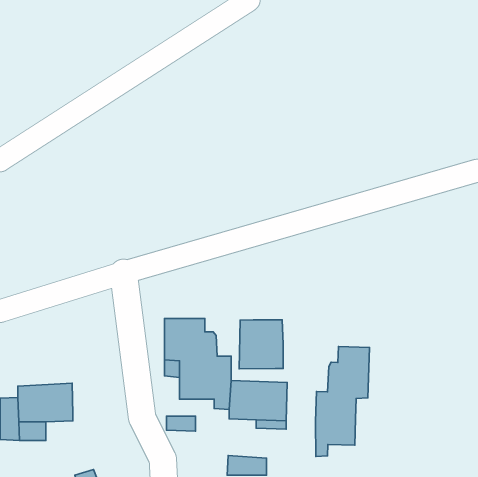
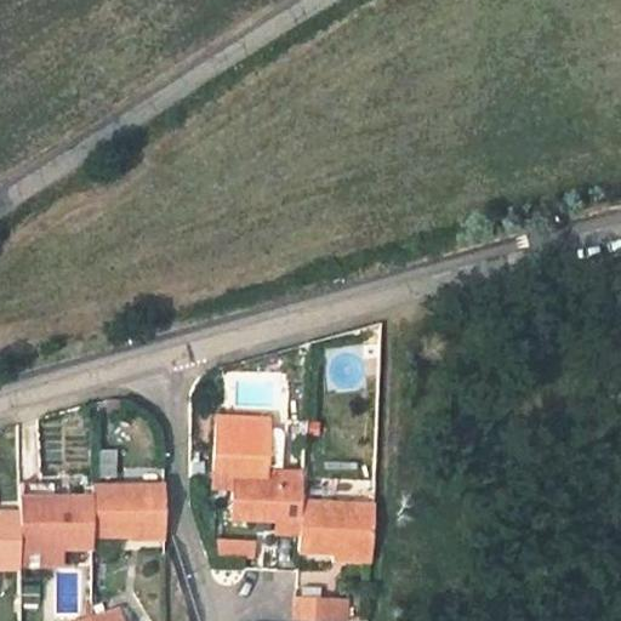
building: [239,320,283,369] -> none
building: [315,346,370,457] -> none
building: none -> [92,486,165,547]

